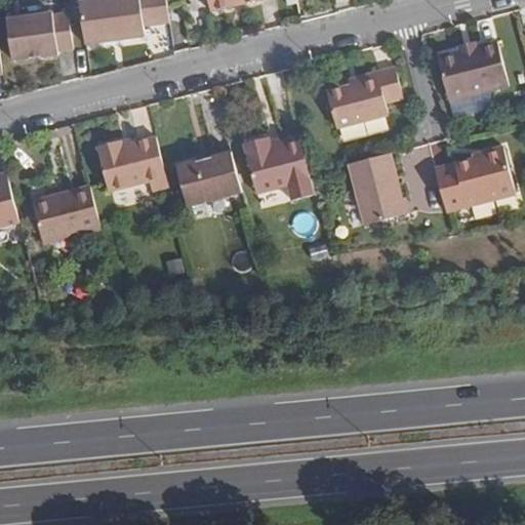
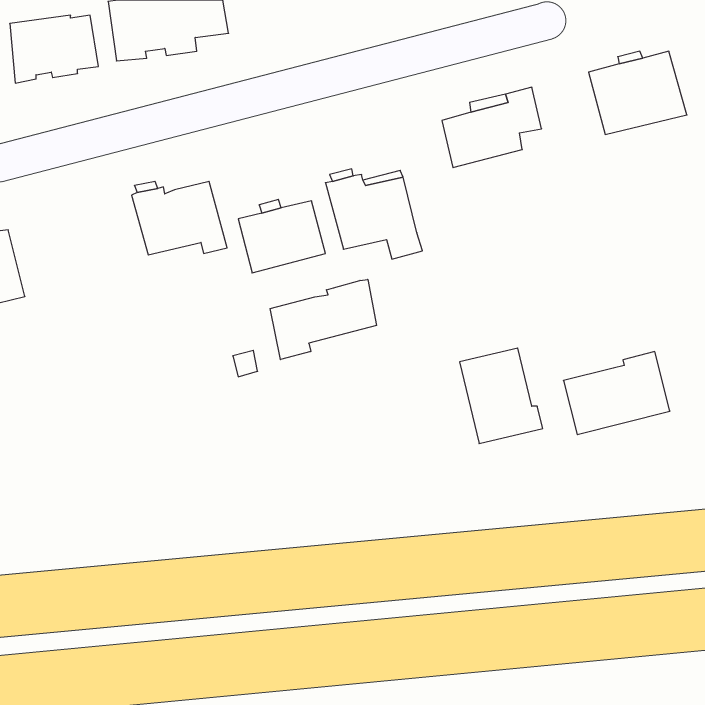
building: [435,149,514,210] -> [563,352,670,435]
building: [346,155,407,226] -> [460,348,543,444]
building: [31,186,99,242] -> none
building: none -> [270,279,376,360]

